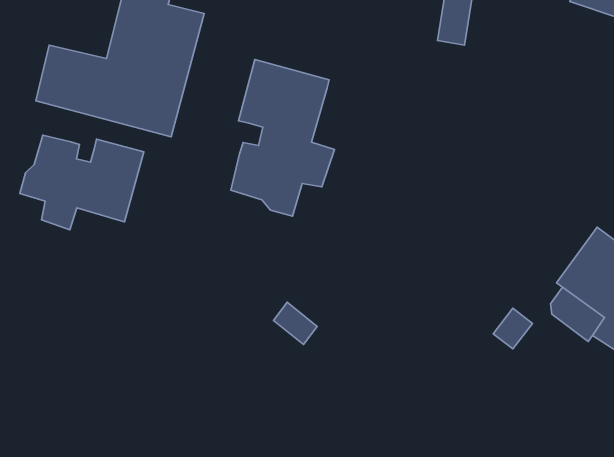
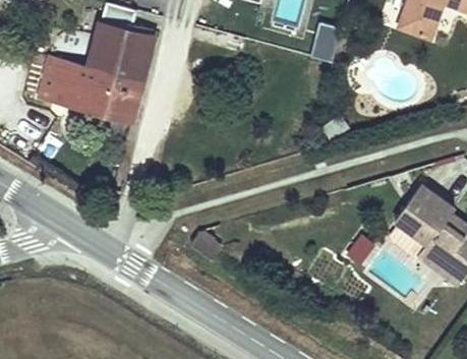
building: [231,59,334,216] -> none
building: [20,135,144,230] -> none

